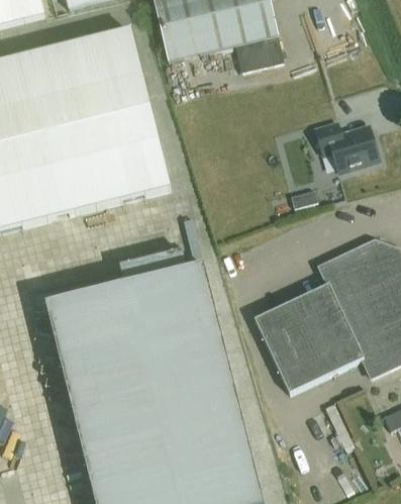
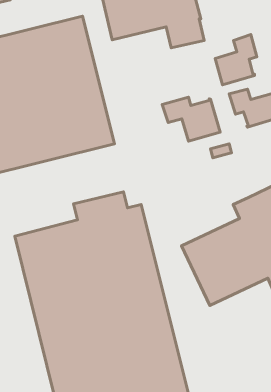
building: none -> [215,35,257,85]
building: none -> [162,97,220,141]

